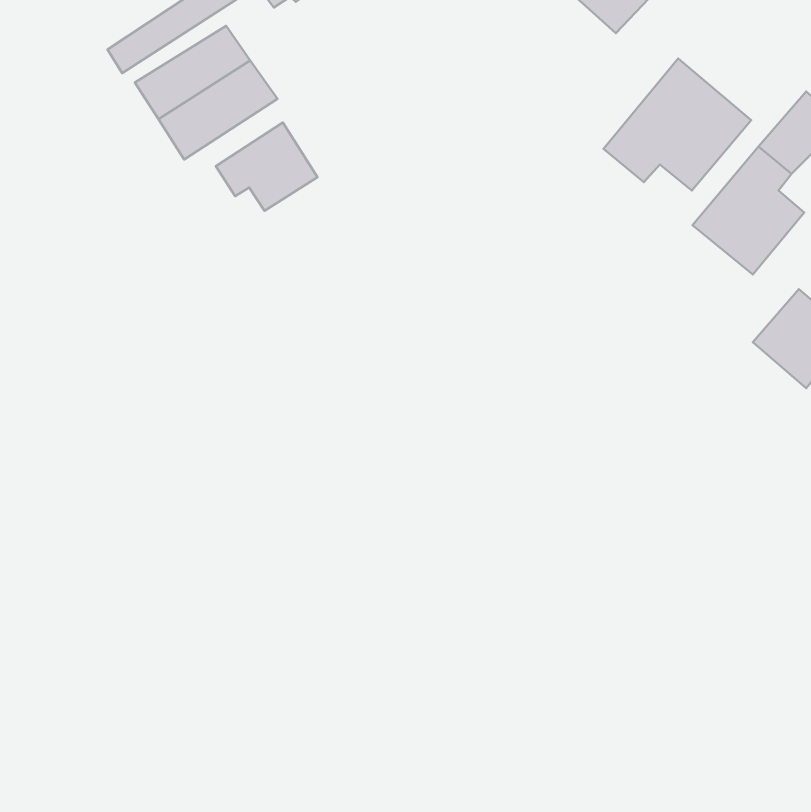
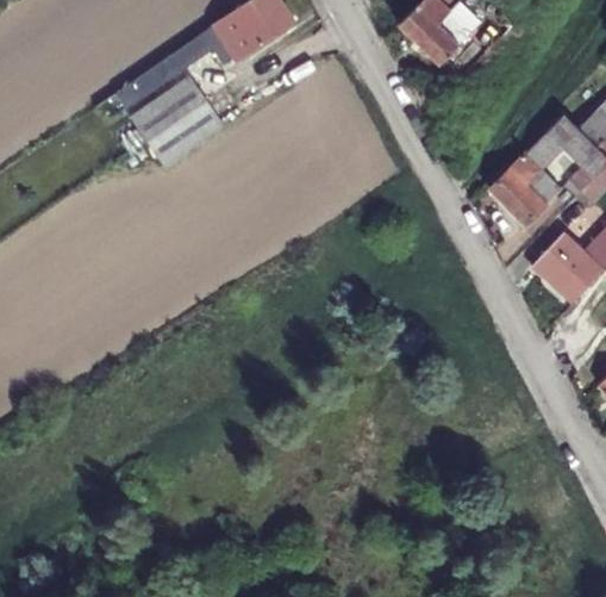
building: [603,58,751,191] -> none
building: [216,123,318,211] -> none

